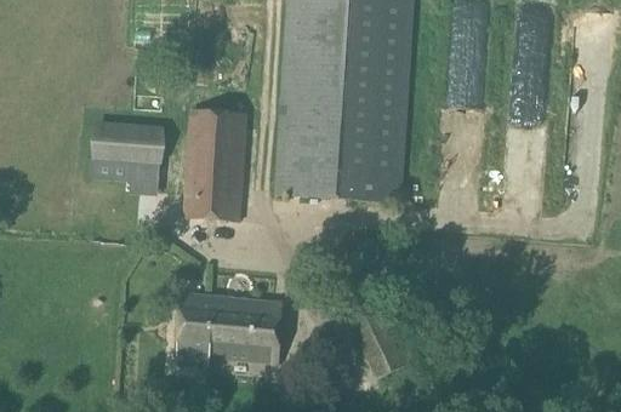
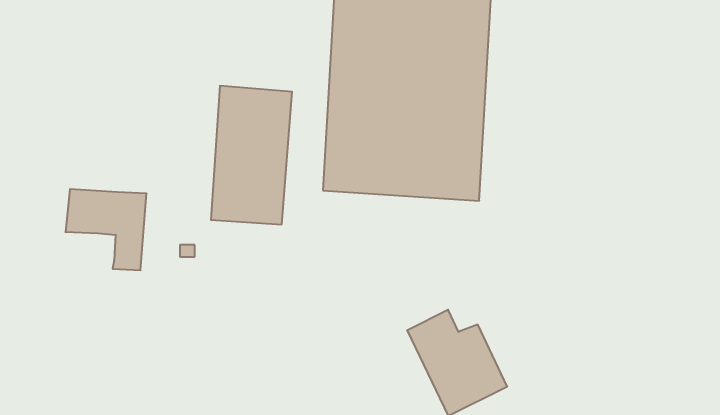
building: [93,124,160,190] -> [65,189,147,270]
building: [176,291,283,367] -> none

